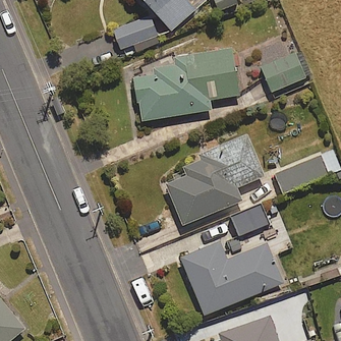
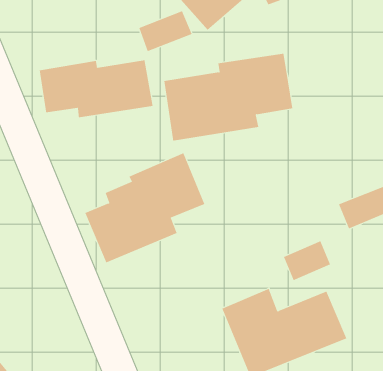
building: [263,54,306,93] -> none
building: none -> [39,60,153,118]
building: [167,136,265,226] -> [85,153,205,263]

